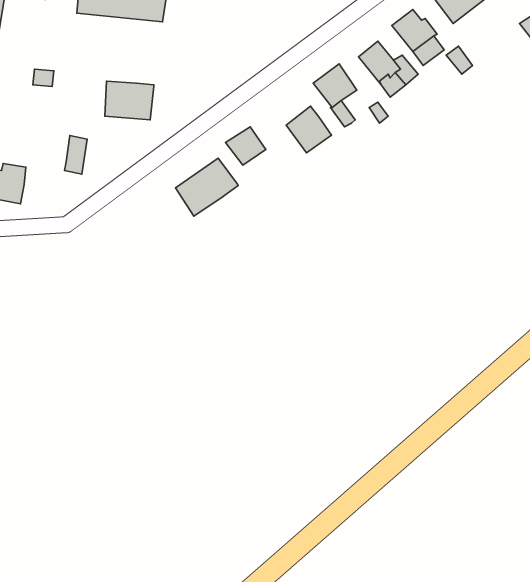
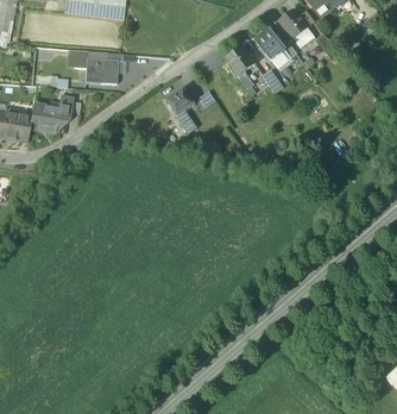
building: [286,106,332,153] -> none
building: none -> [30,104,58,132]
building: [176,158,238,216] -> none

